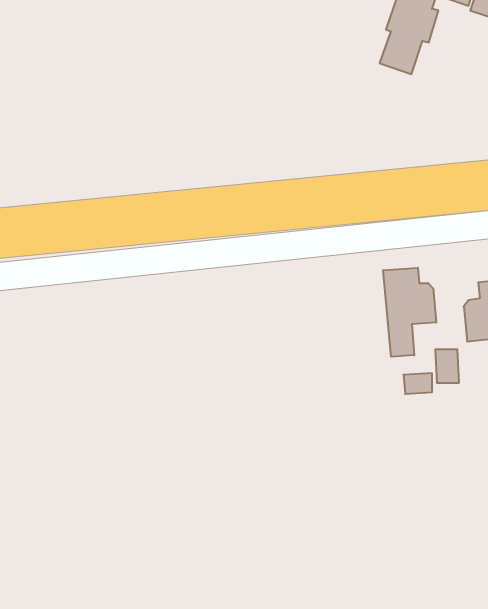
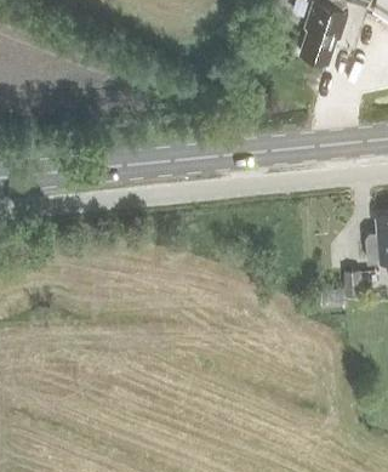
building: [383,268,436,357] -> none

